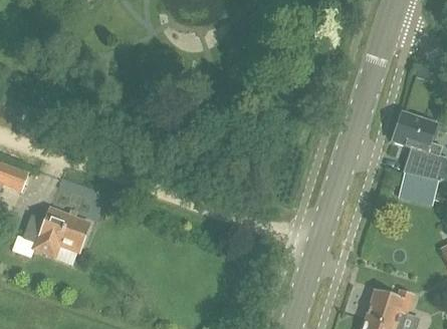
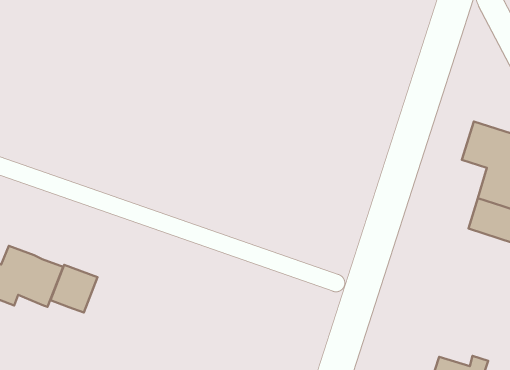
building: none -> [50,265,97,312]

